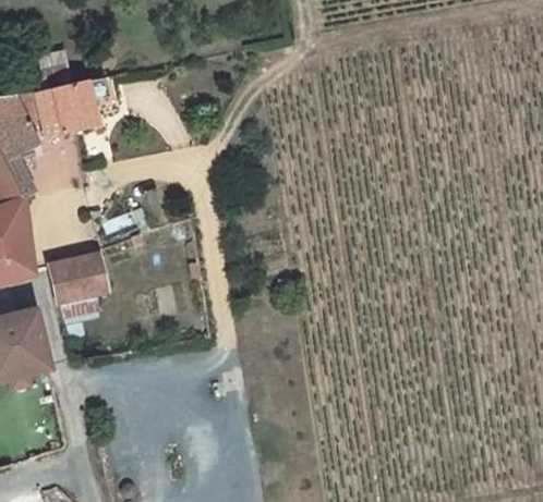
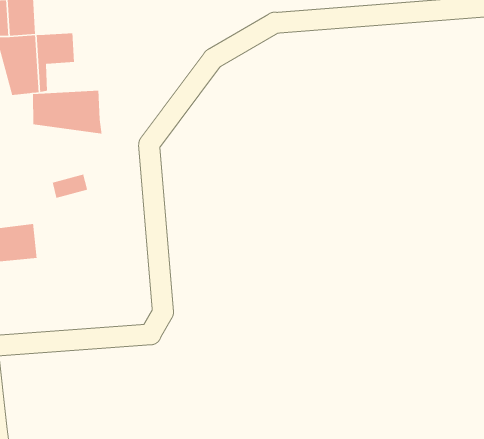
building: none -> [32,90,103,134]

